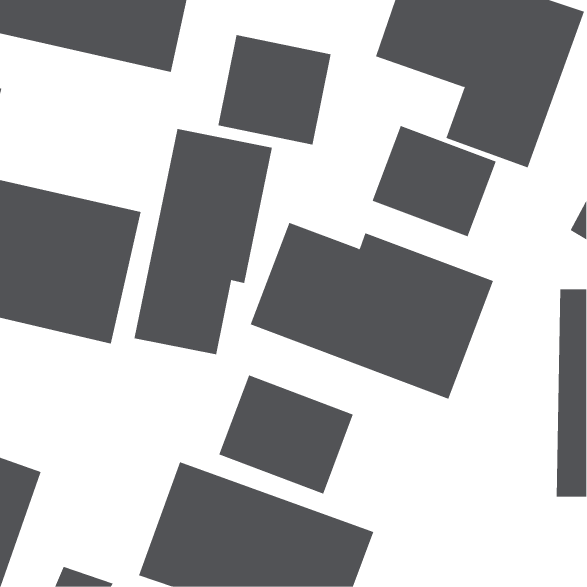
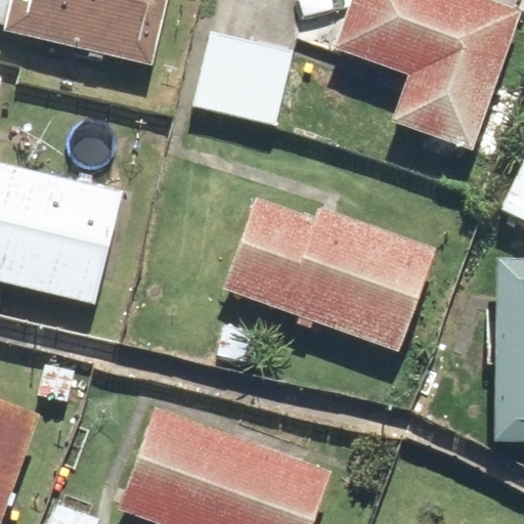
building: [372,125,497,237] -> none
building: [134,128,272,355] -> none
building: [219,374,354,494] -> none

